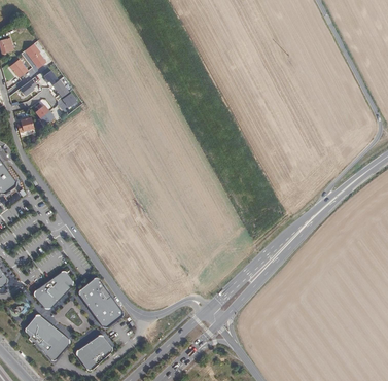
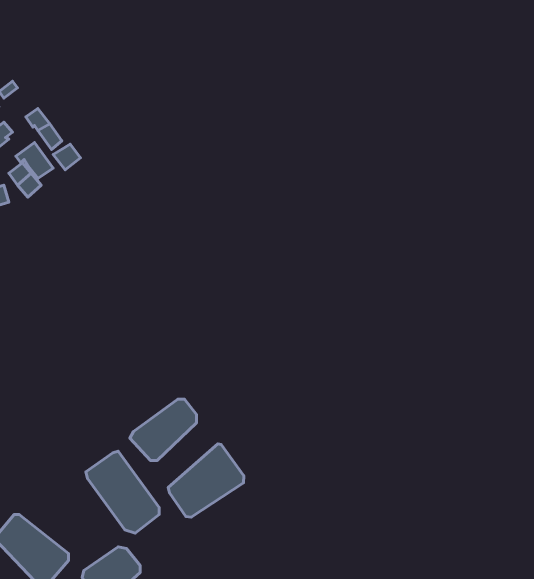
building: [33,272,73,309] -> [130,399,196,460]
building: none -> [168,444,244,517]

